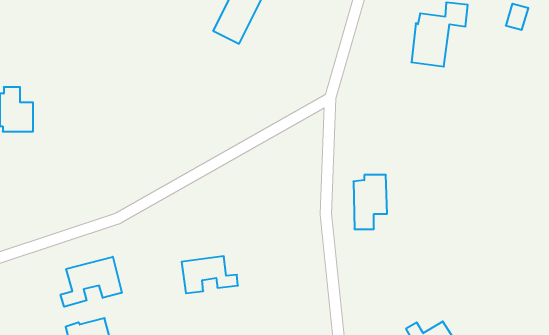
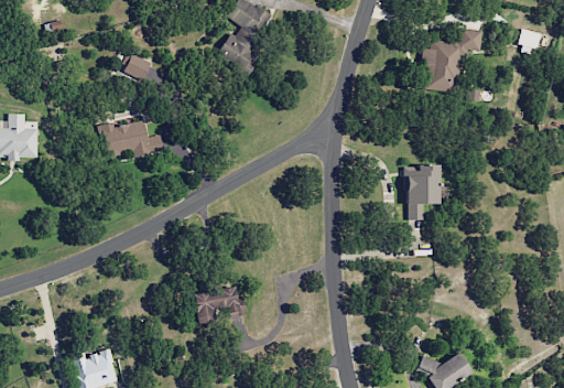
building: none -> [122,53,152,79]
building: none -> [102,120,165,157]
building: [353,175,387,229] -> [404,164,438,219]
building: [61,257,122,307] -> none

